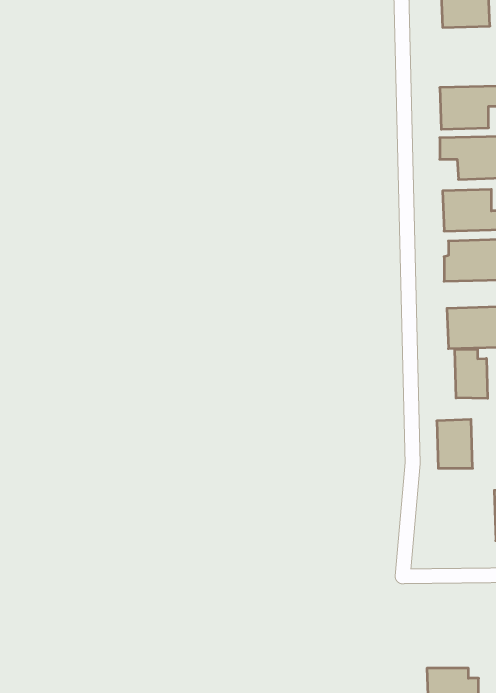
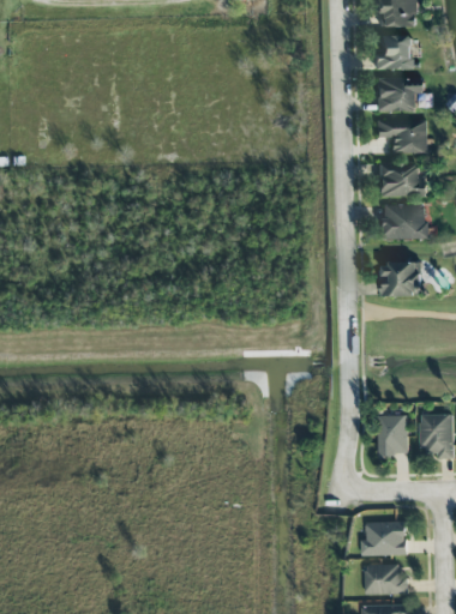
building: none -> [374,36,414,71]
building: [455,349,488,398] -> none
building: [437,419,473,468] -> [378,415,408,456]
building: none -> [361,520,408,555]

